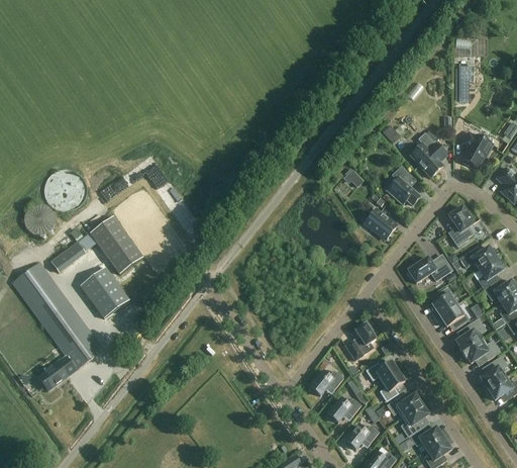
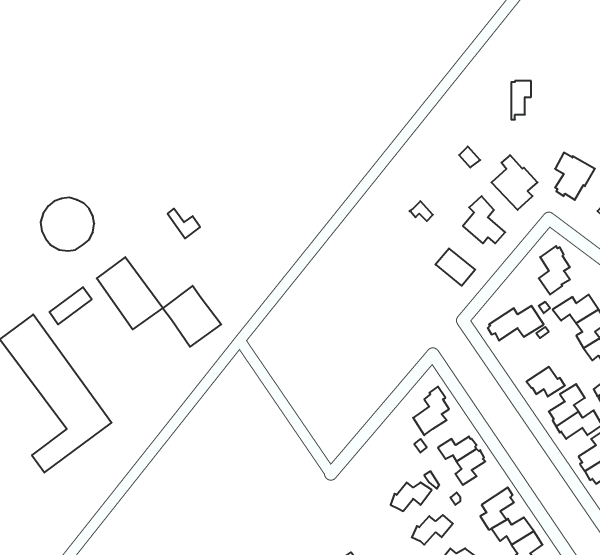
building: [456,67,473,98] -> [511,81,531,120]
building: [24,204,56,236] -> none
building: [82,268,129,317] -> [163,286,221,347]
building: [432,286,456,316] -> none
building: [310,370,343,395] -> none
building: [388,394,423,416] -> none

